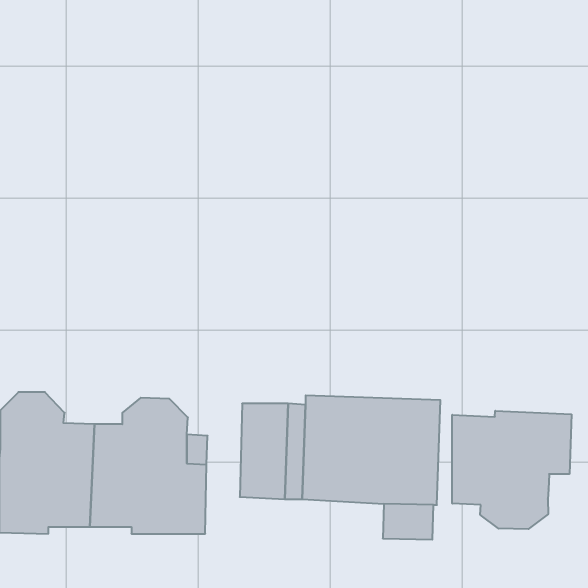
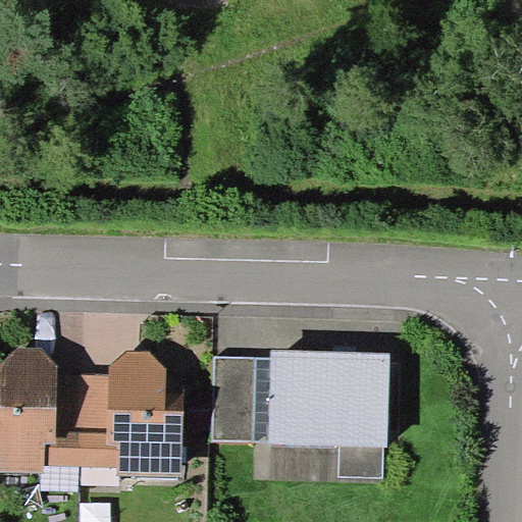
building: [452,411,571,529] -> none

